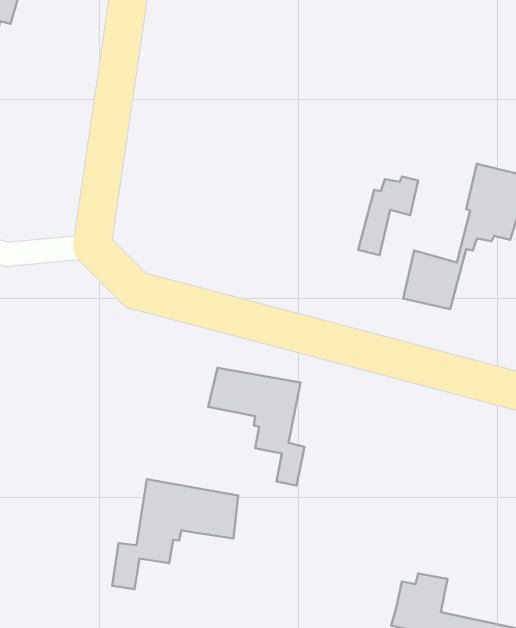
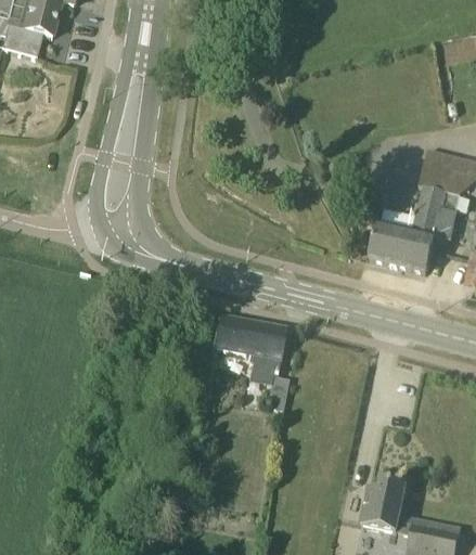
building: [358,176,418,255] -> [408,207,456,271]
building: [112,479,238,589] -> none

